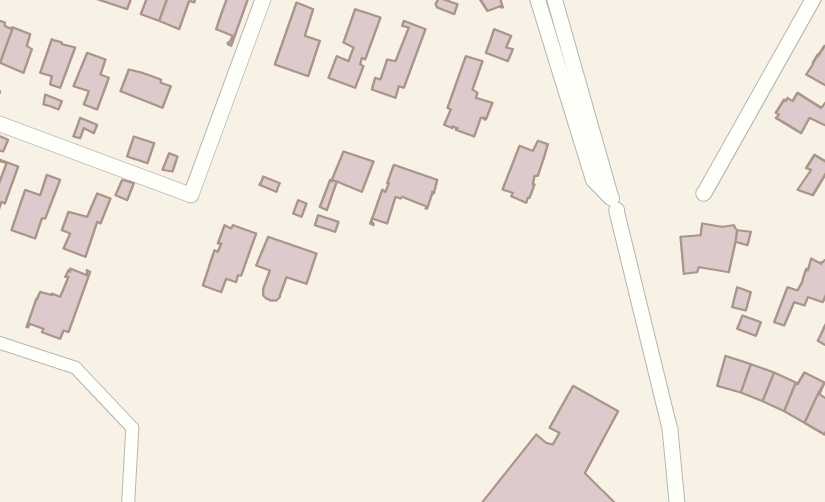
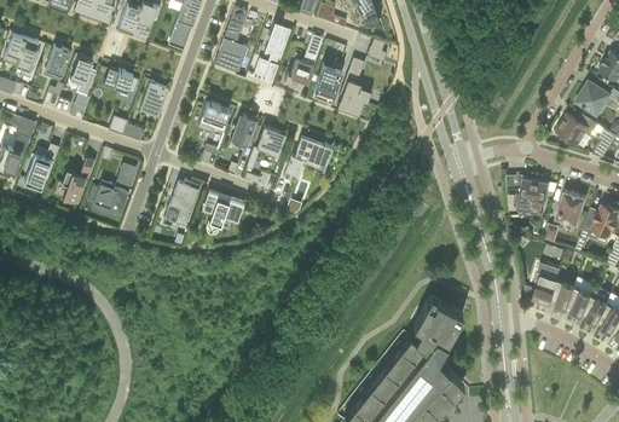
building: none -> [140,81,169,116]
building: none -> [198,102,230,133]
building: none -> [231,114,261,146]
building: none -> [557,115,598,146]
building: [503,141,548,203] -> [312,60,345,105]
building: none -> [556,192,586,225]
building: [27,268,90,339] -> [92,166,138,216]

